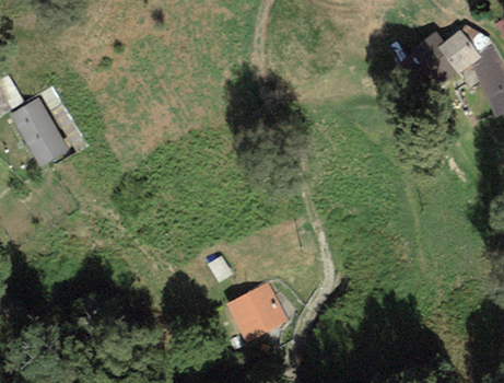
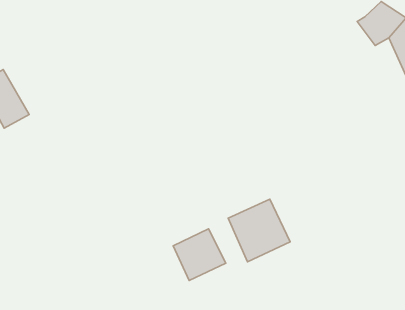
building: [413,28,461,85] -> none
building: none -> [228,199,290,262]

